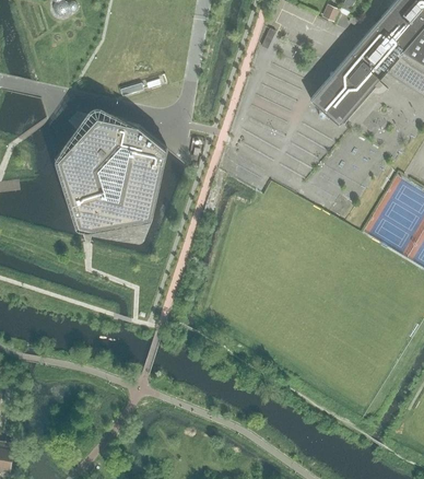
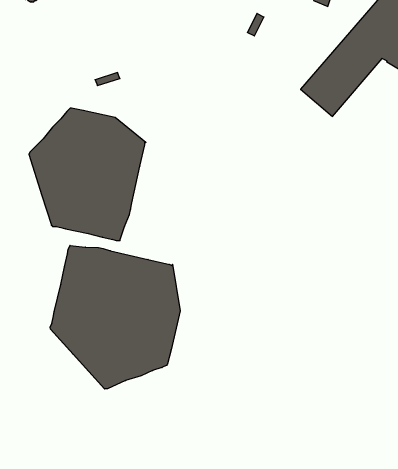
building: none -> [50,245,180,389]

